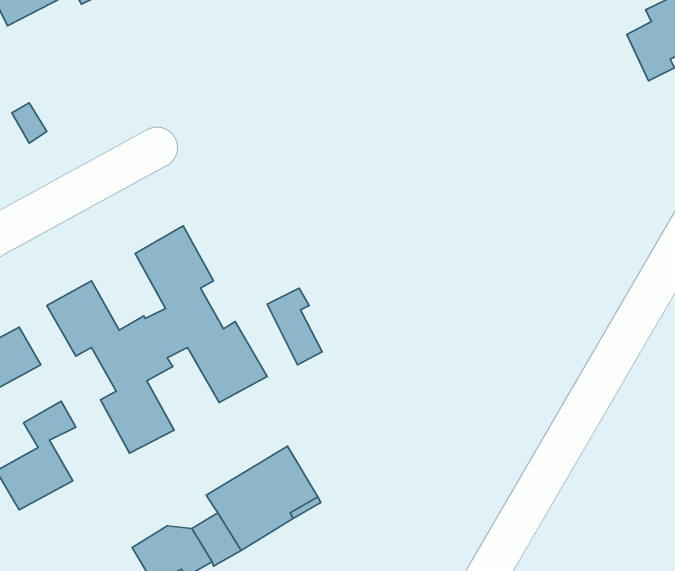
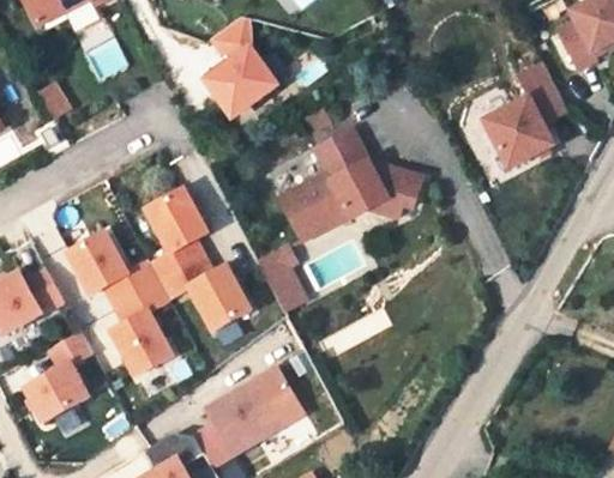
building: none -> [200,12,277,111]
building: none -> [474,55,556,162]
building: none -> [272,123,416,234]

